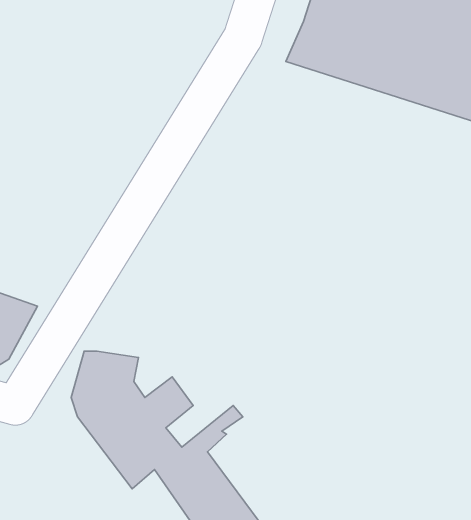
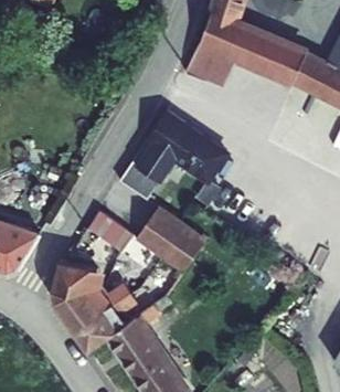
building: none -> [125,130,203,198]
building: none -> [87,203,213,279]

